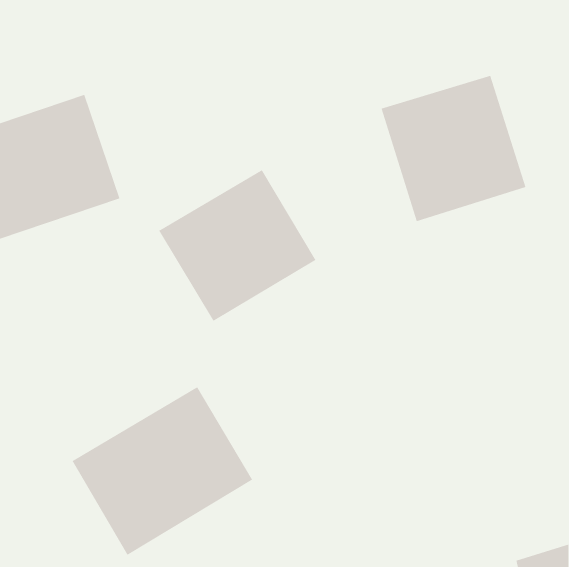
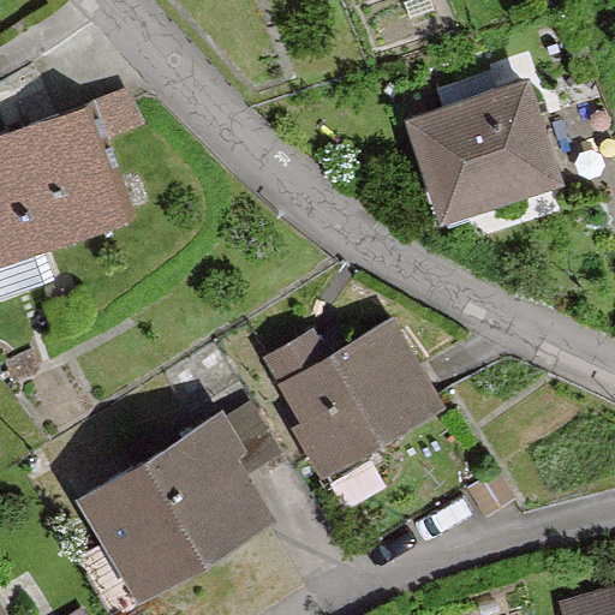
building: [158,169,316,322] -> none
building: none -> [277,318,447,477]

